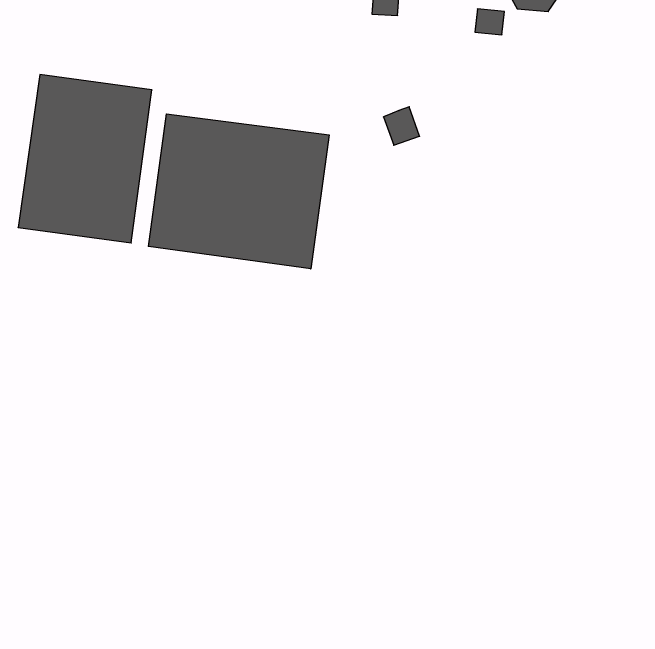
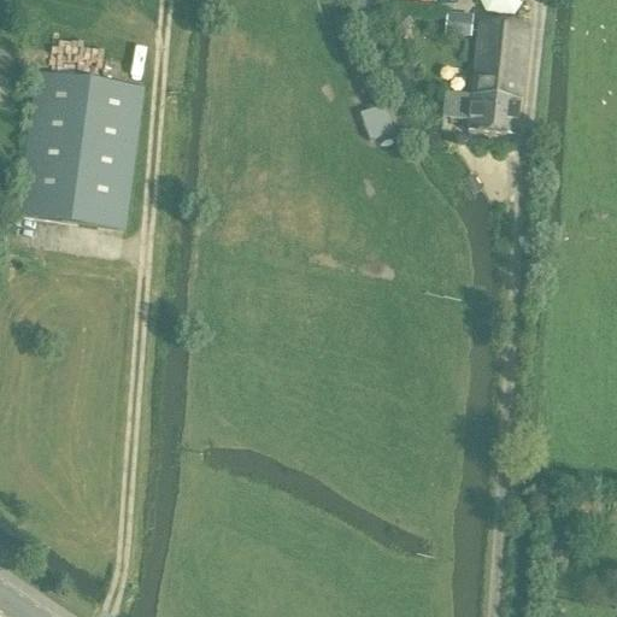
building: none -> [445,18,529,131]
building: [148,114,329,269] -> none

